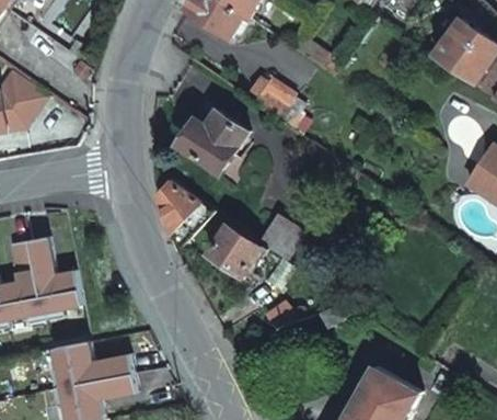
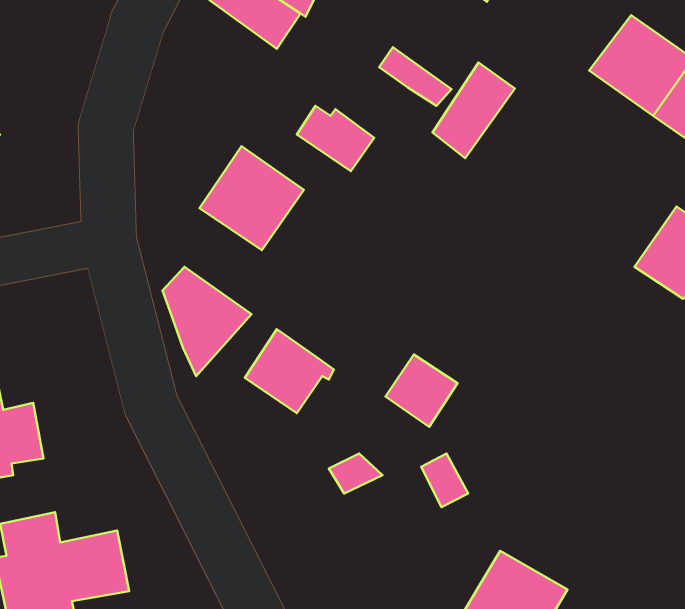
building: none -> [433,63,515,158]
building: [256,213,303,260] -> [385,355,458,427]

